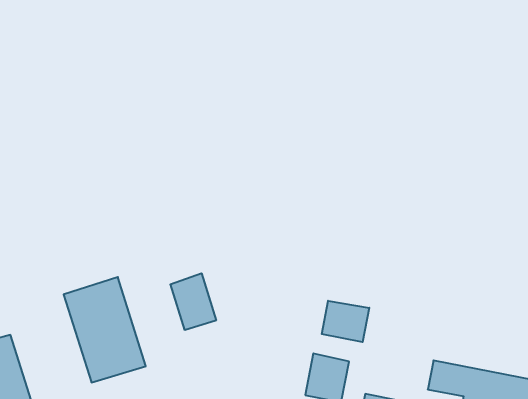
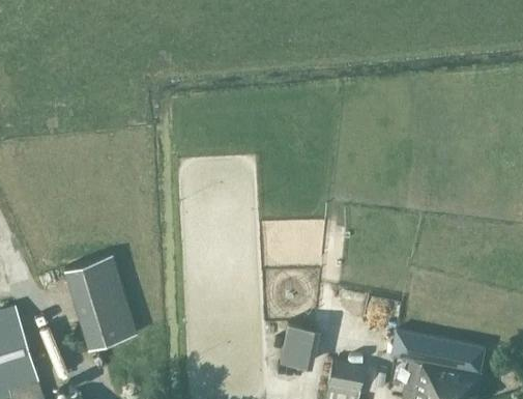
building: [170,273,216,330] -> none
building: [322,301,369,342] -> none

